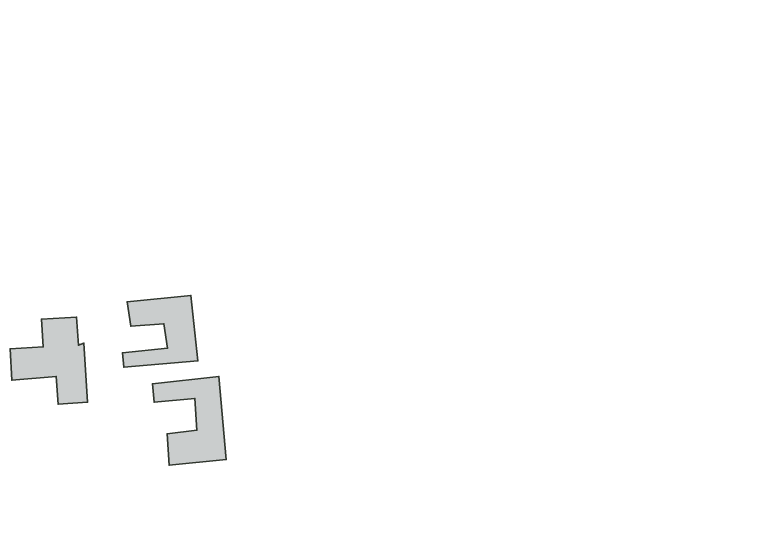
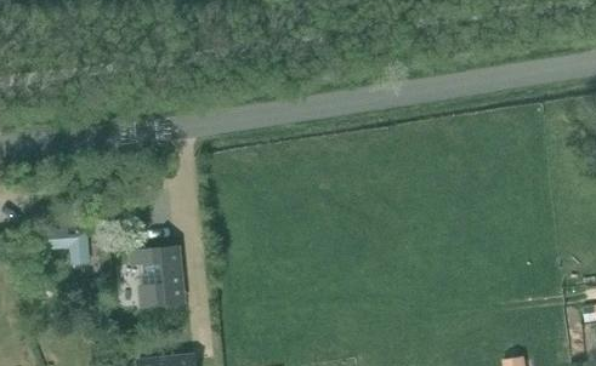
building: [123,296,198,367] -> none

